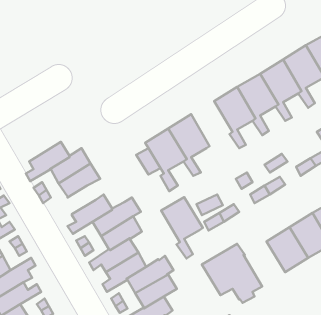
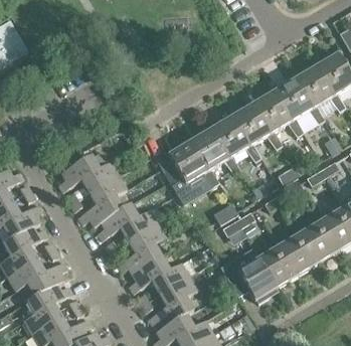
building: none -> [77,195,123,226]
building: [161,197,203,259] -> [210,118,248,174]
building: none -> [258,246,297,288]

